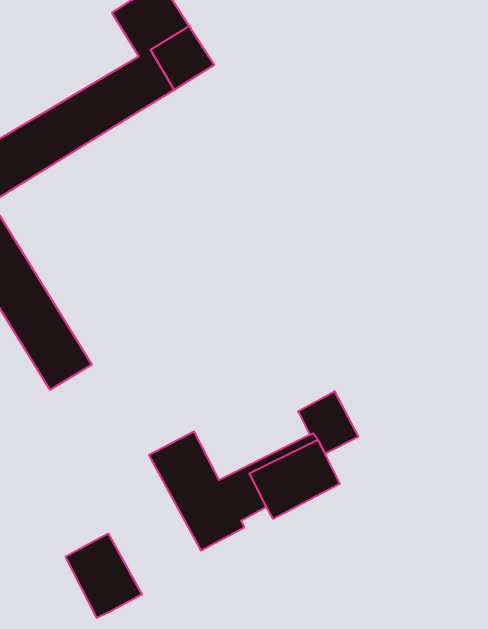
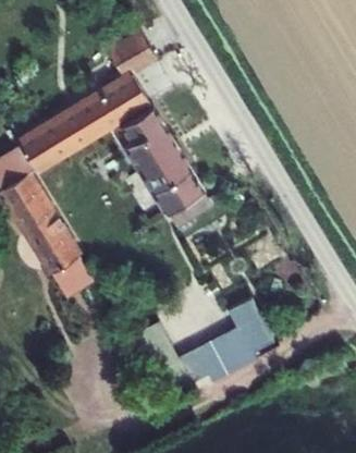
building: none -> [112,107,212,232]
building: [66,534,142,618] -> none

